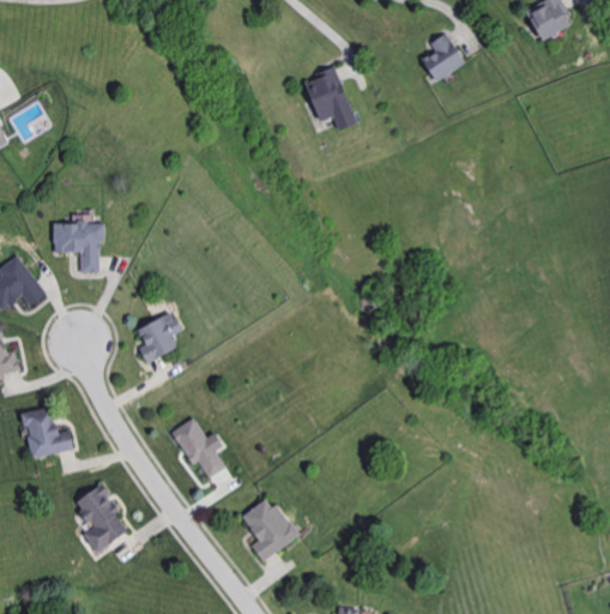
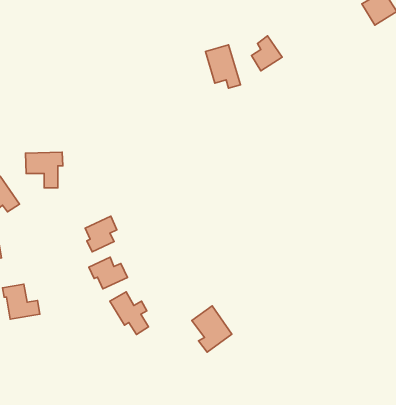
building: [422,34,465,83] -> [251,36,282,71]
building: none -> [89,257,127,289]
building: [74,483,128,552] -> none
building: [241,495,297,560] -> [192,306,232,352]

